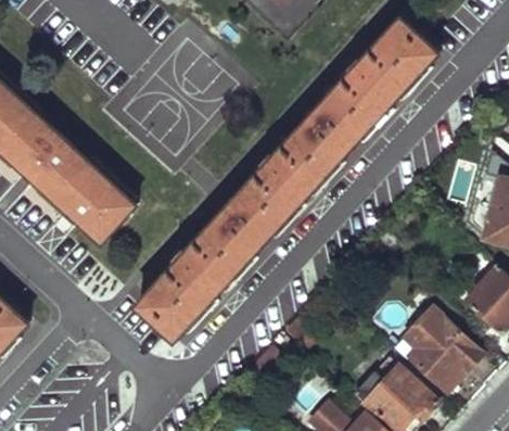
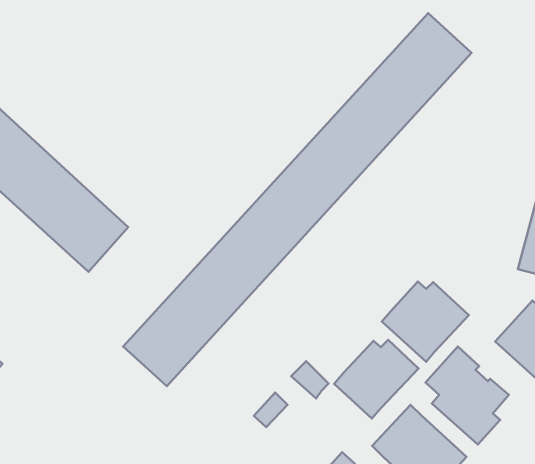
building: none -> [382,282,469,362]
building: none -> [334,340,419,419]

